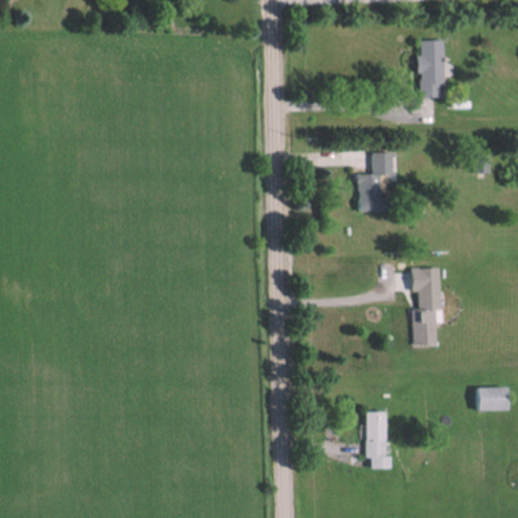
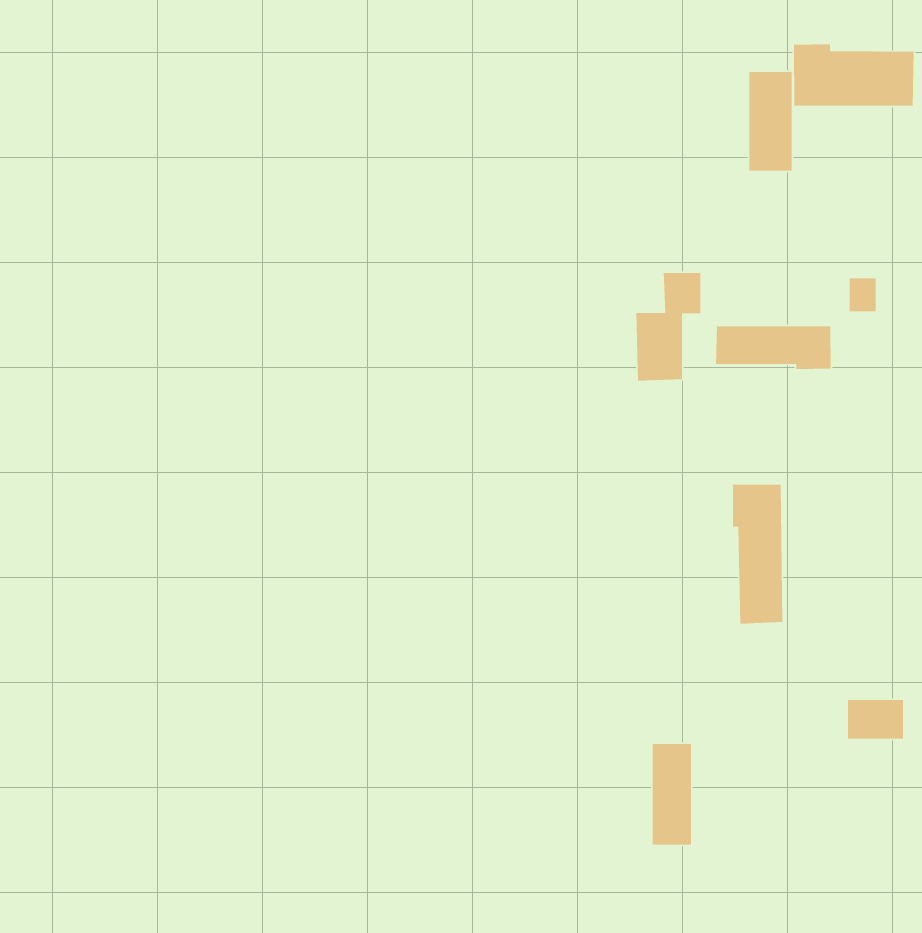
building: none -> [793,43,914,107]
building: none -> [715,325,832,370]

